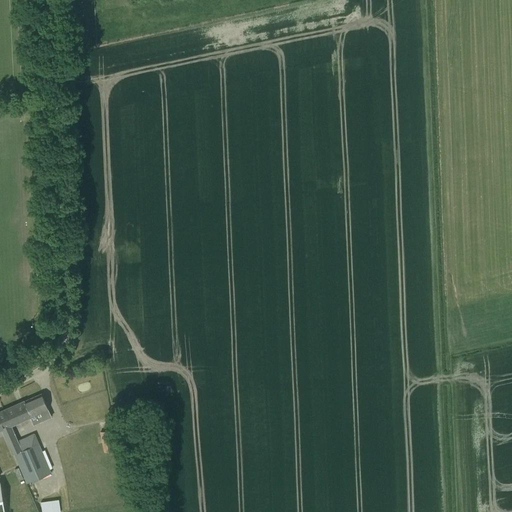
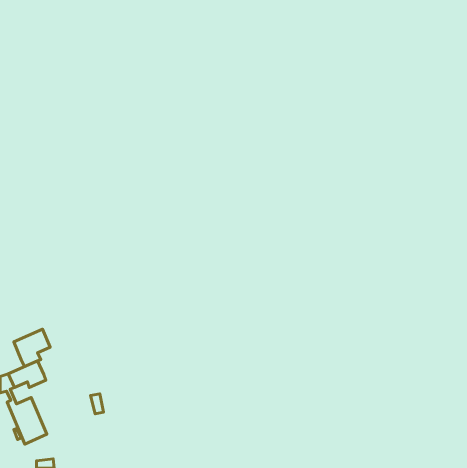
building: none -> [14,329,50,366]

